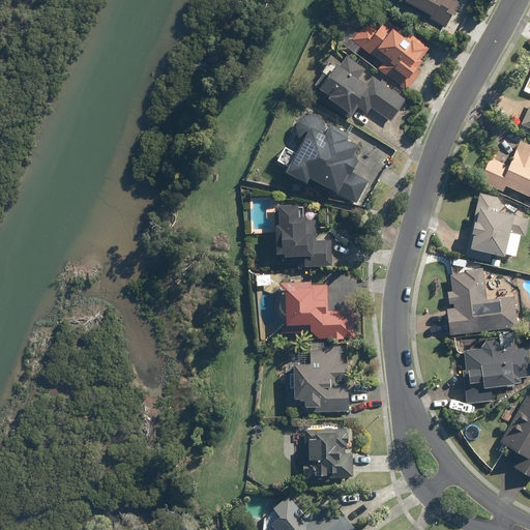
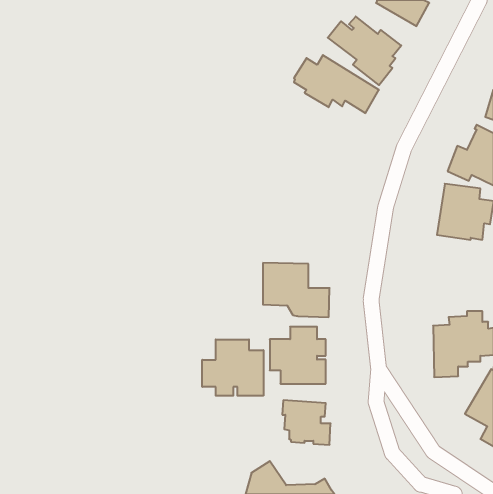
building: [277,114,371,203] -> none
building: [274,205,333,266] -> none
building: [446,268,518,334] -> none
building: none -> [202,339,263,396]

